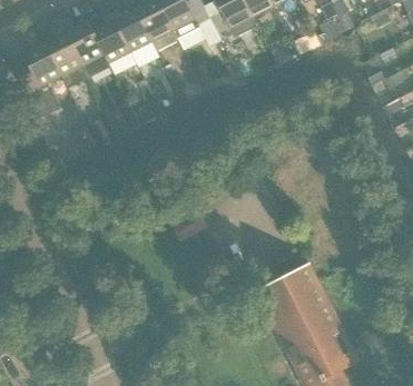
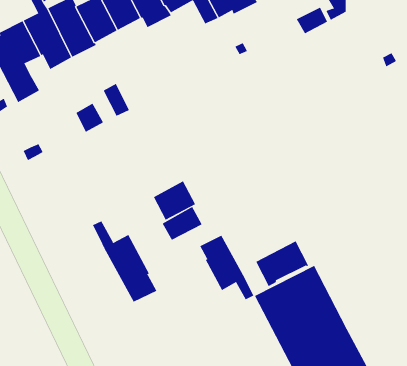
building: none -> [153,181,196,221]
building: none -> [92,220,157,303]
building: none -> [199,235,254,300]
building: none -> [255,241,309,287]

